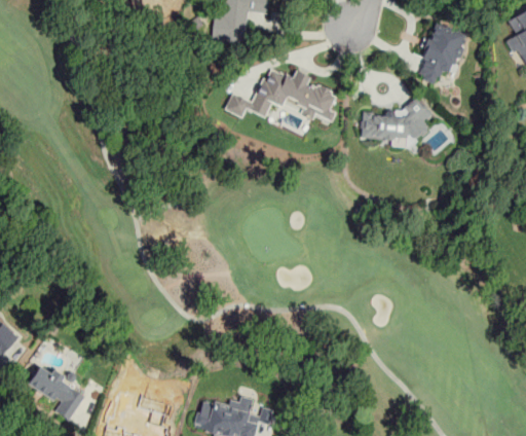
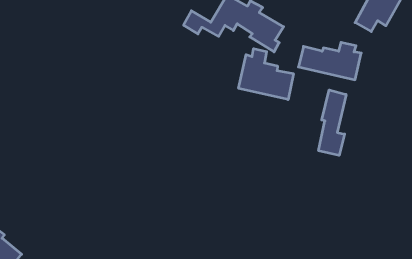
building: none -> [239,49,293,100]
building: none -> [319,90,346,155]

